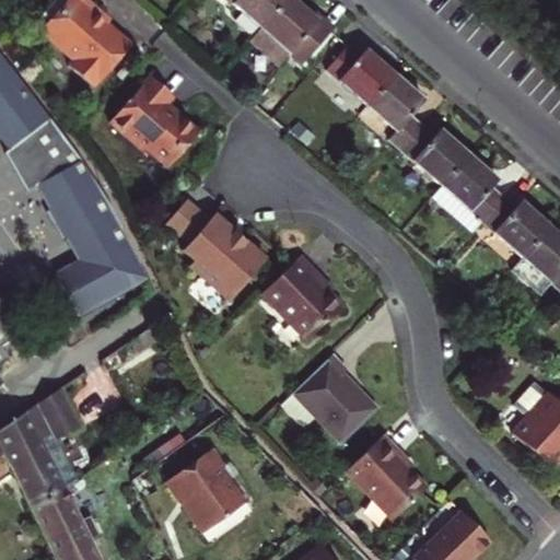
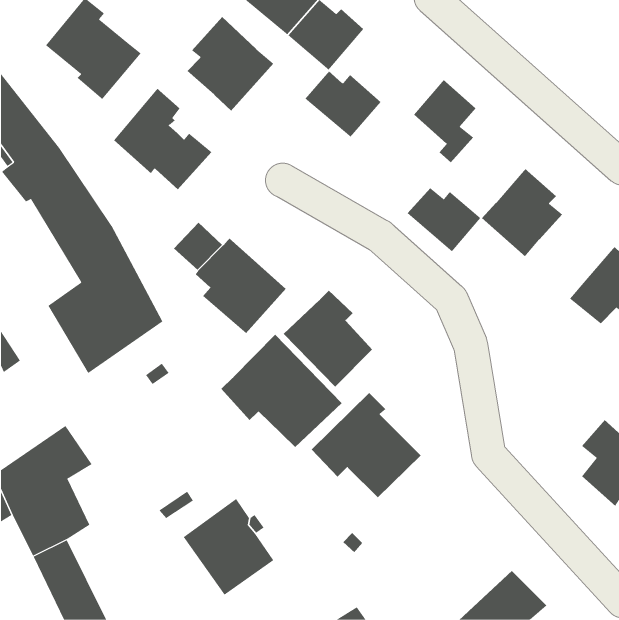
building: none -> [186,16,274,111]
building: [332,43,401,103] -> [305,71,381,138]
building: [408,124,475,182] -> [407,188,481,252]
building: [488,192,555,252] -> none
building: none -> [220,334,343,448]
building: [345,433,430,522] -> none

